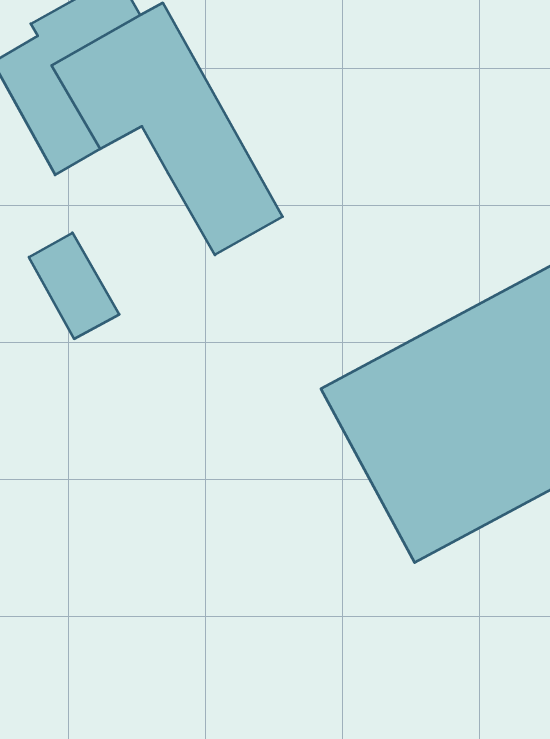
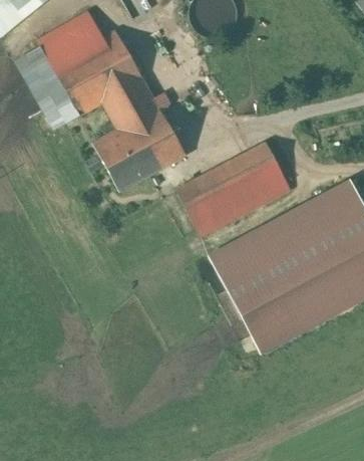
building: none -> [175,143,291,237]
building: [29,233,119,339] -> [93,129,145,190]

